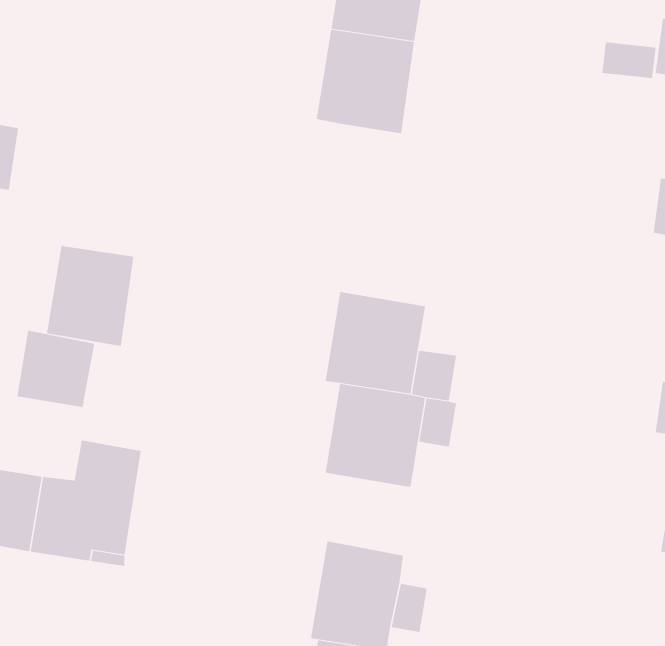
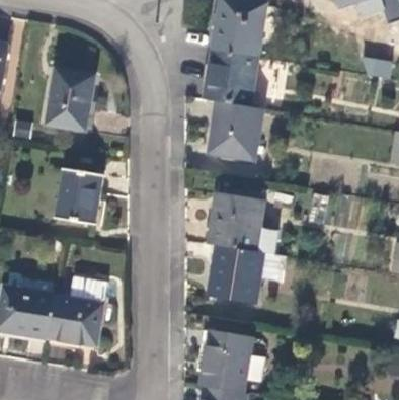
building: none -> [46,70,94,131]
building: none -> [210,102,262,161]
building: [17,330,95,408] -> none

